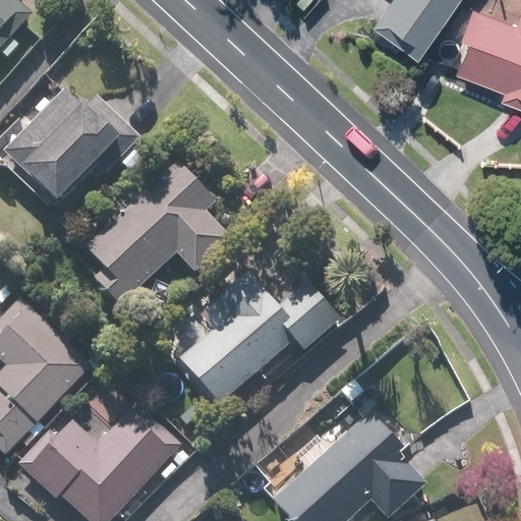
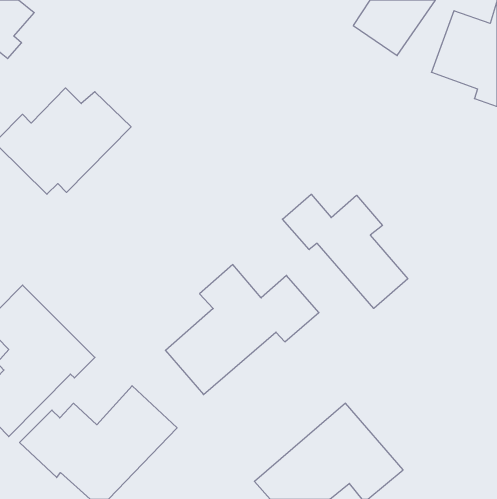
building: [88,160,236,304] -> none
building: none -> [282,194,408,308]

